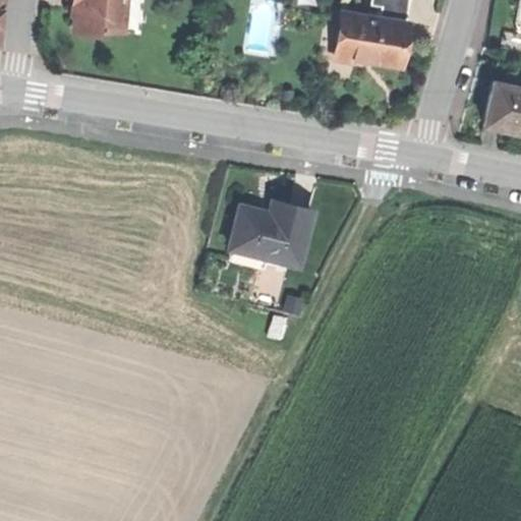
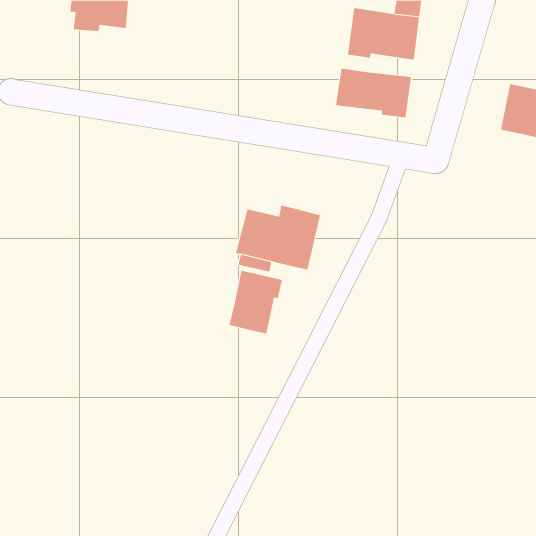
building: none -> [336,68,411,118]
building: none -> [229,270,283,334]

